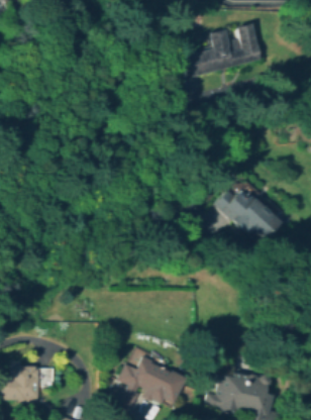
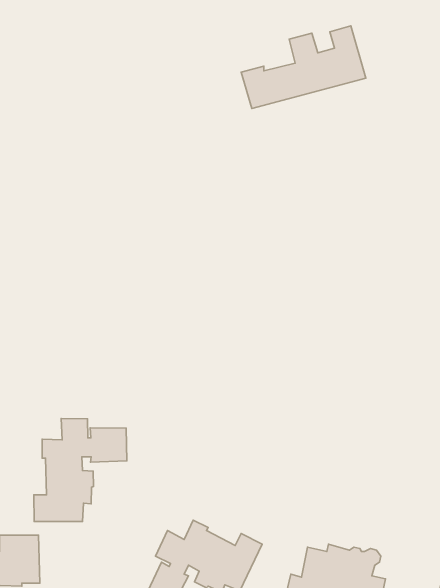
building: [217,178,277,241] -> none
building: none -> [34,418,127,522]

